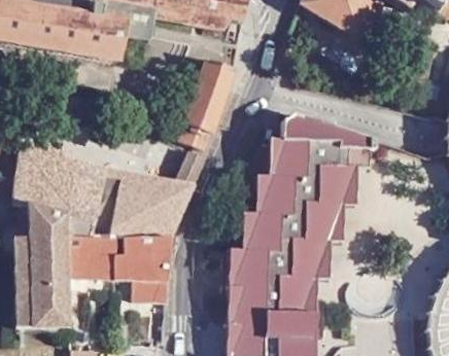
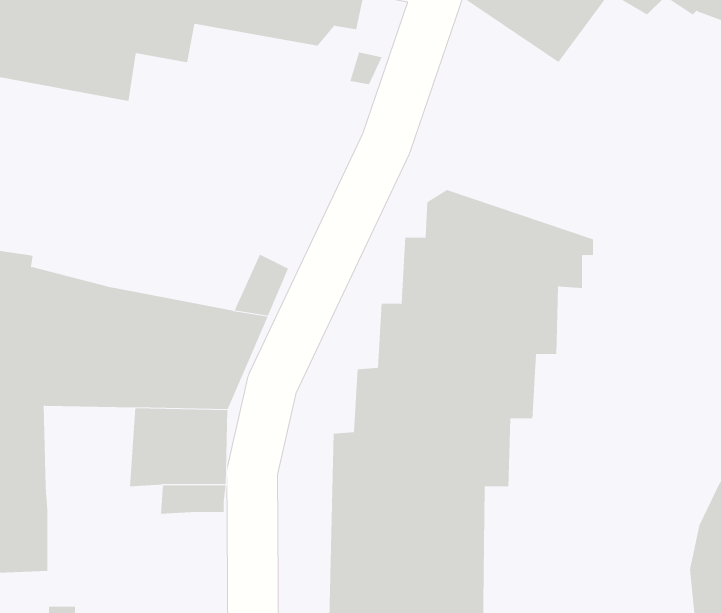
building: [179,56,235,147] -> none
building: [68,234,118,279] -> none

